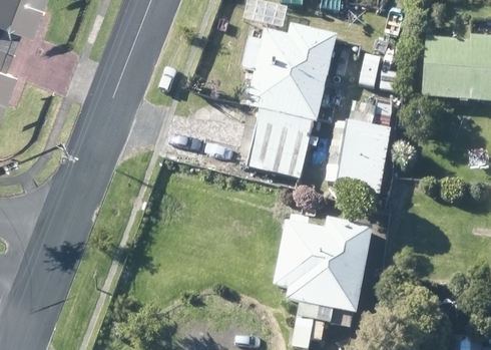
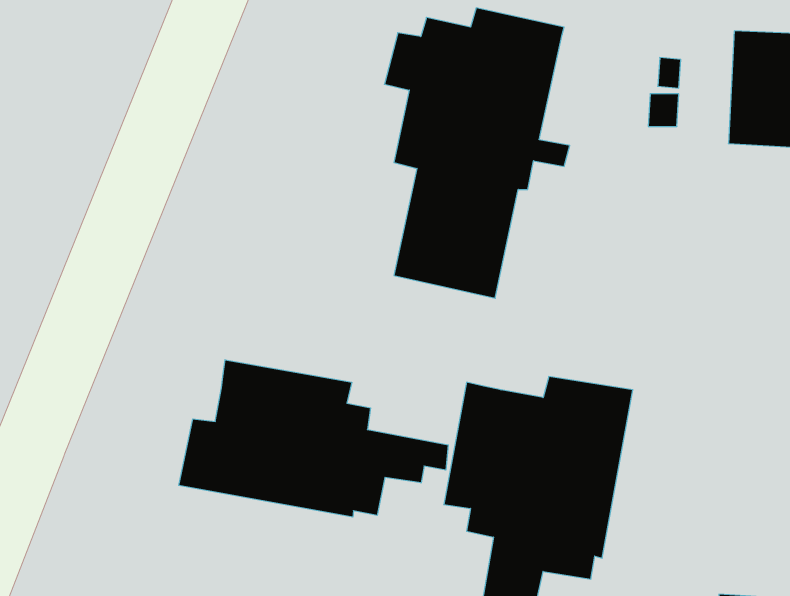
building: [328,119,390,192] -> none
building: none -> [179,360,448,517]

